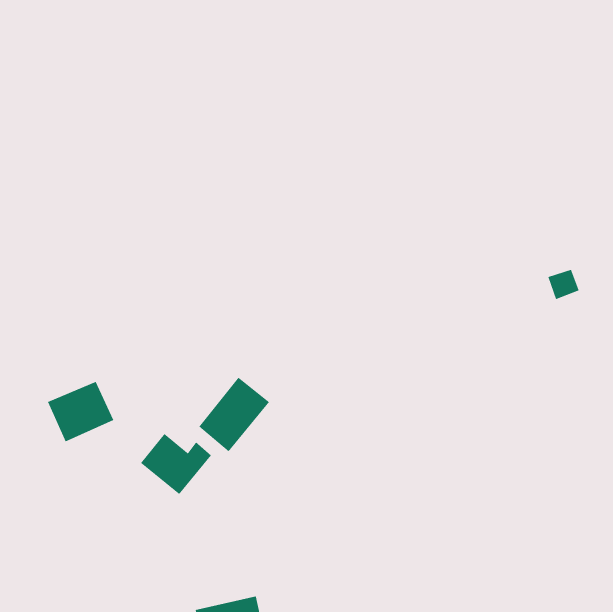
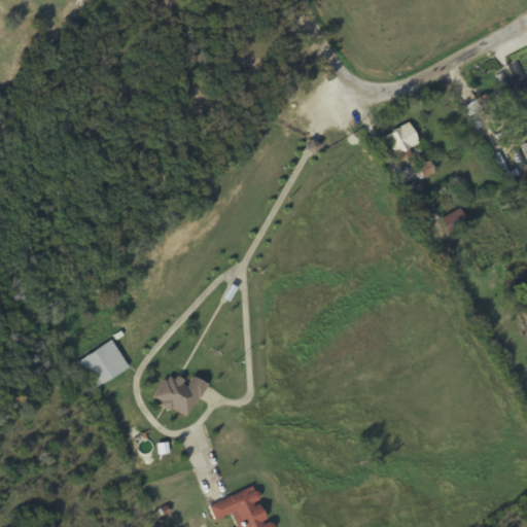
building: none -> [387,121,420,152]
building: [199,377,270,452] -> none

